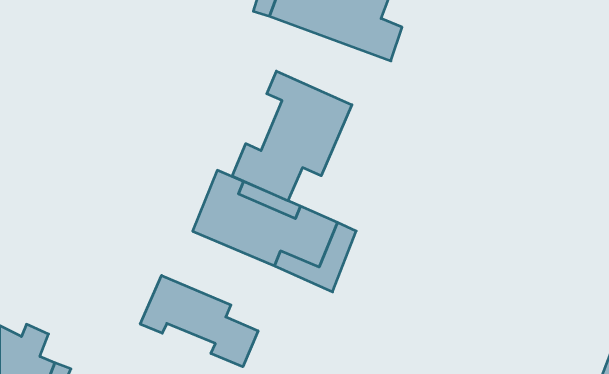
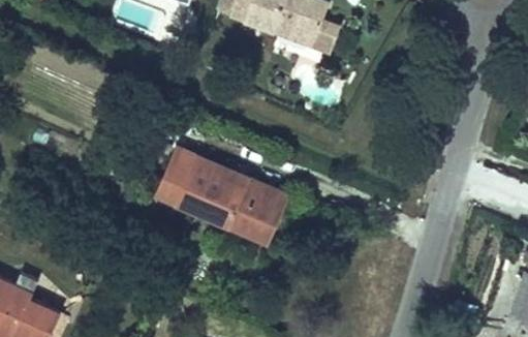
building: [232,71,352,201] -> none
building: [140,275,258,367] -> none

